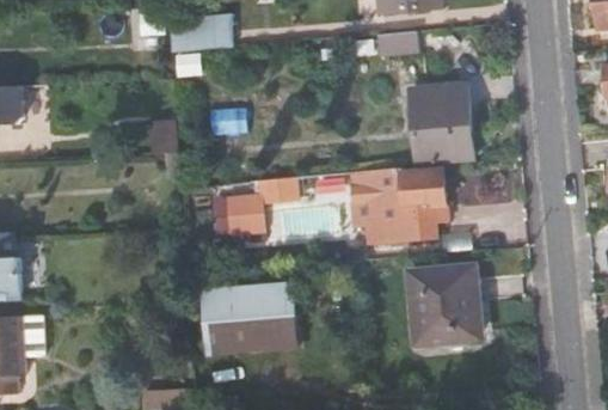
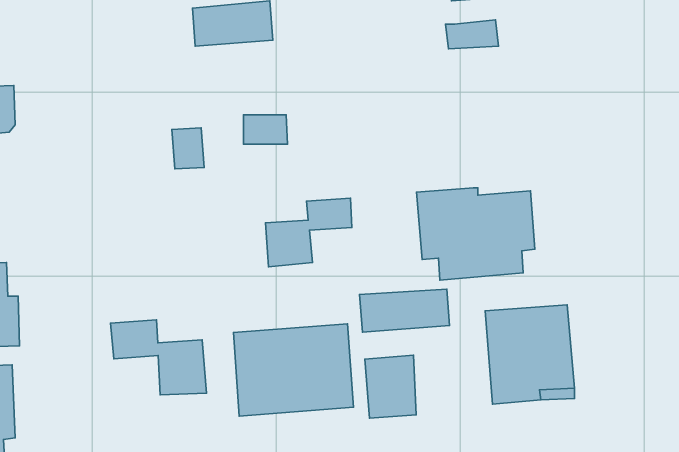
building: [407,82,471,165] -> none
building: none -> [360,289,449,332]
building: none -> [110,320,206,395]
building: none -> [365,355,416,418]

